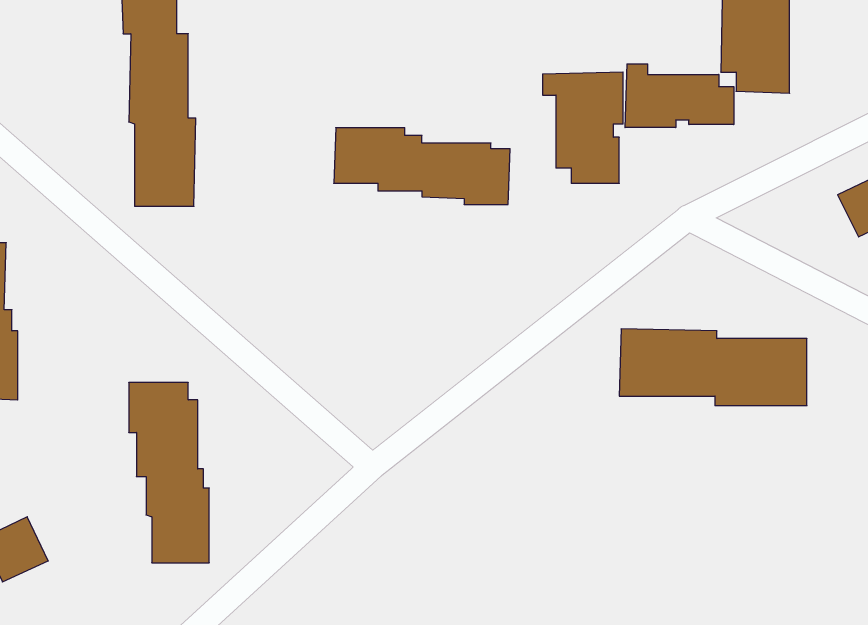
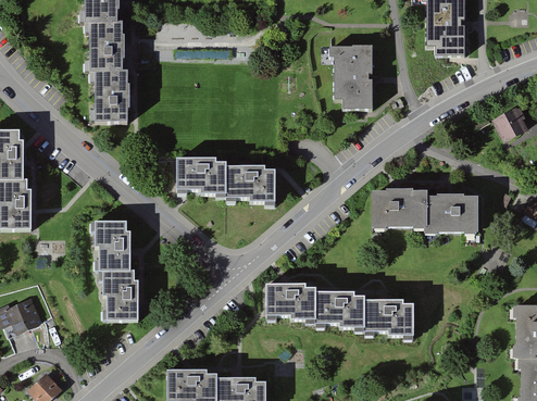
building: [625,64,734,128] -> none
building: [334,128,510,204] -> [174,160,274,203]
building: none -> [264,285,412,337]

